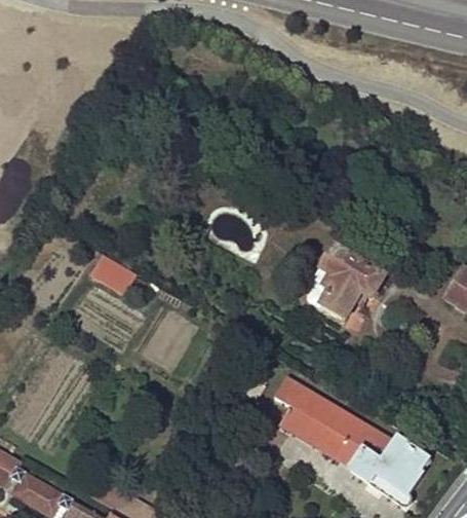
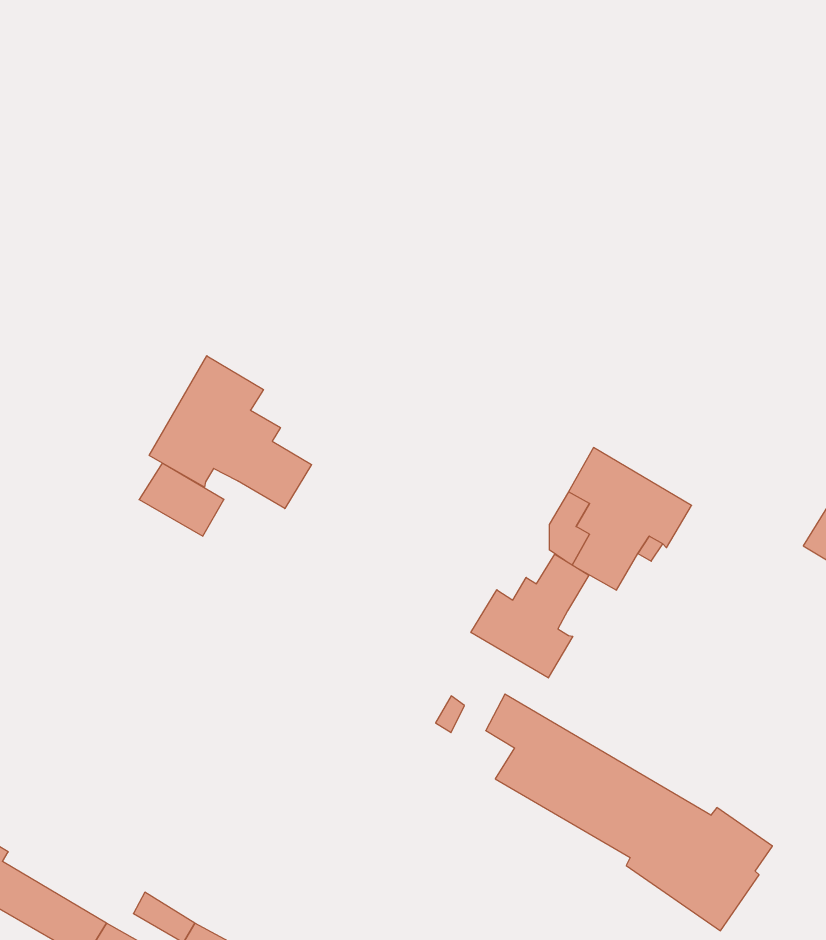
building: none -> [149,356,312,509]
building: none -> [471,554,589,678]

